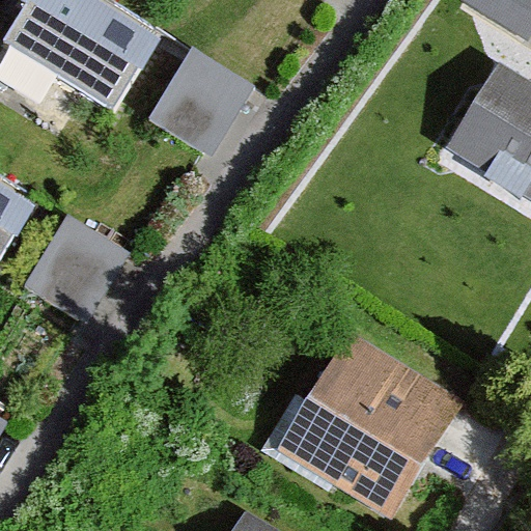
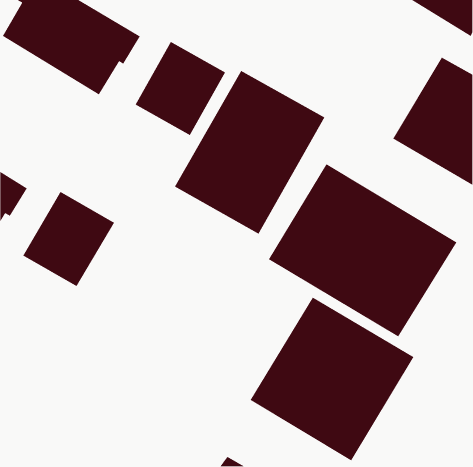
building: none -> [174,70,325,235]
building: none -> [268,163,457,338]

